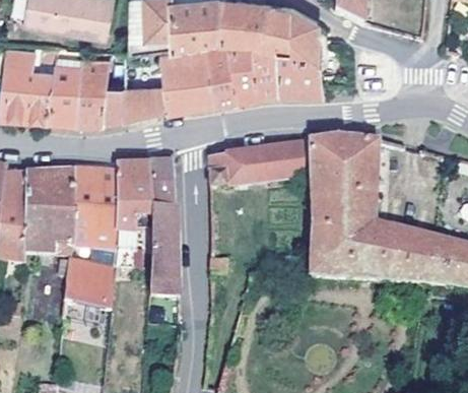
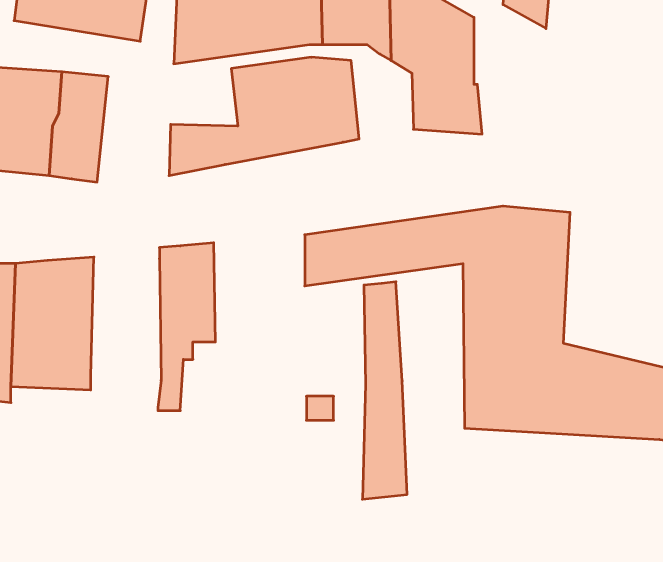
building: [240,40,279,94] -> none
building: [78,55,125,123] -> none
building: [151,158,180,297] -> [362,282,407,499]
building: [74,170,119,248] -> none
building: [64,258,117,310] -> none

